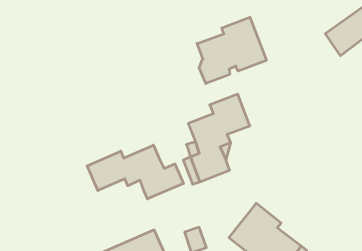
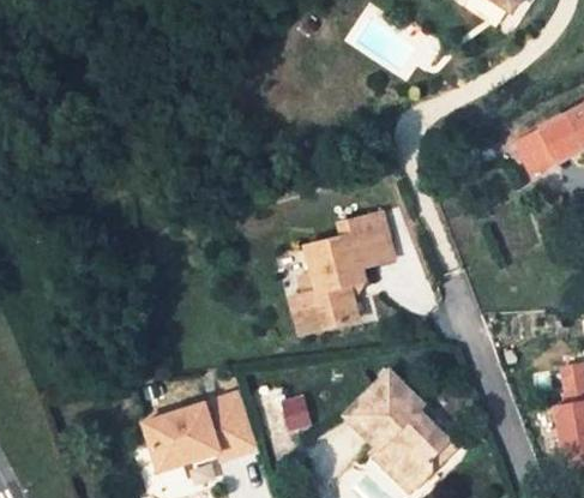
building: [197,17,266,84] -> none
building: [87,145,183,199] -> none

